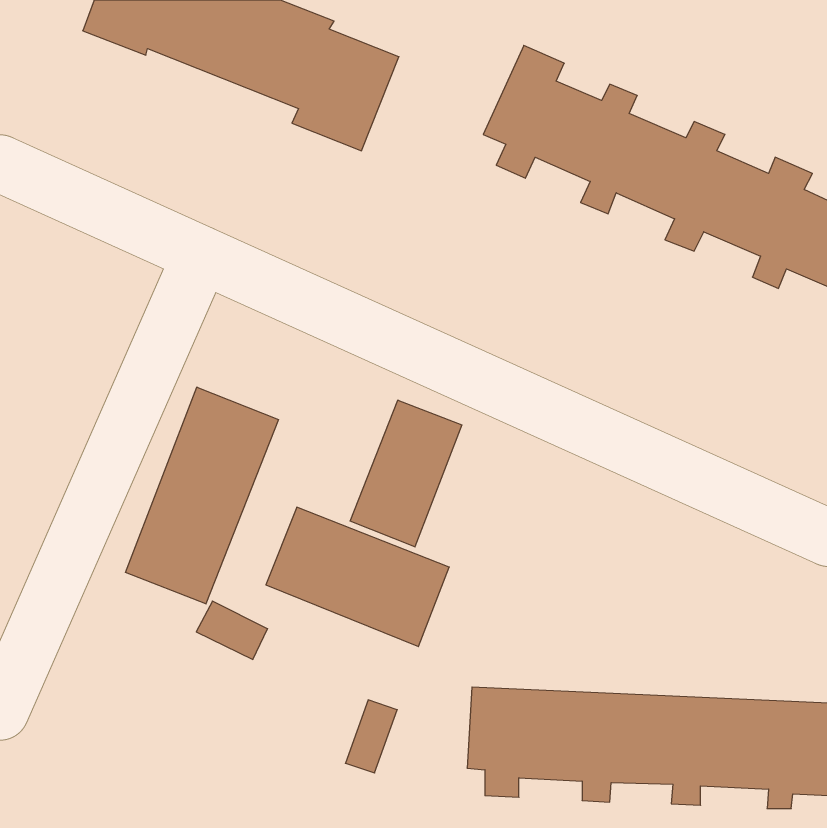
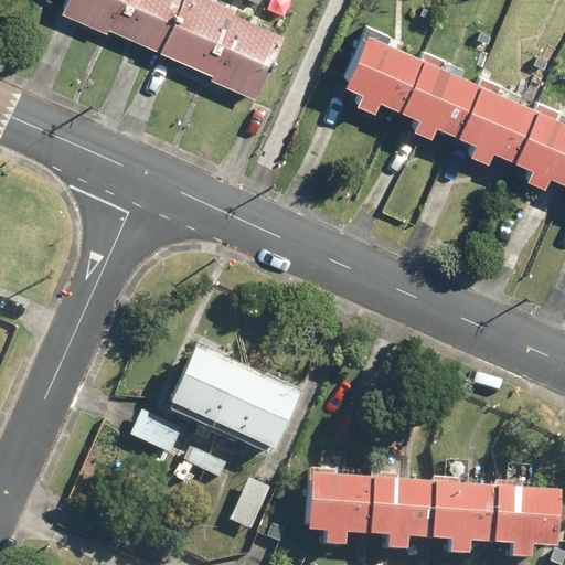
building: [126,387,279,604] -> none
building: [350,400,462,547] -> none

